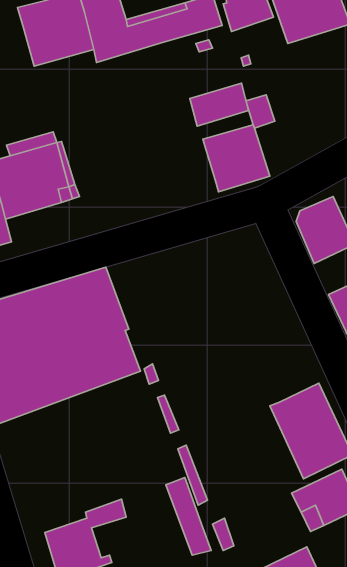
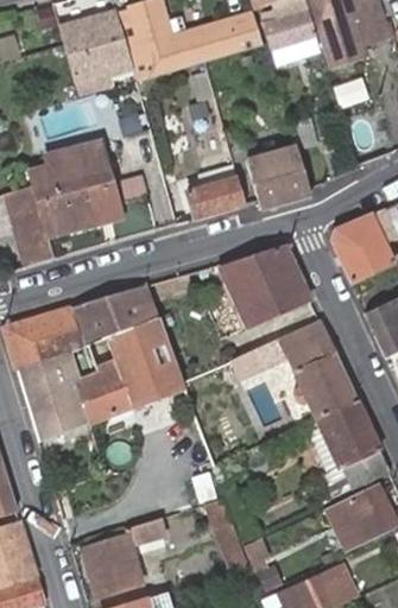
building: [190,83,249,126] -> [184,176,242,218]
building: none -> [219,242,311,328]
building: none -> [248,321,358,418]

